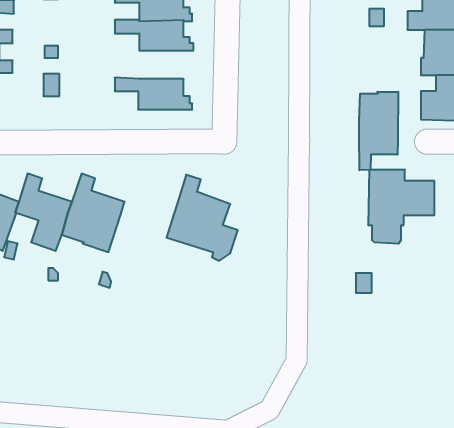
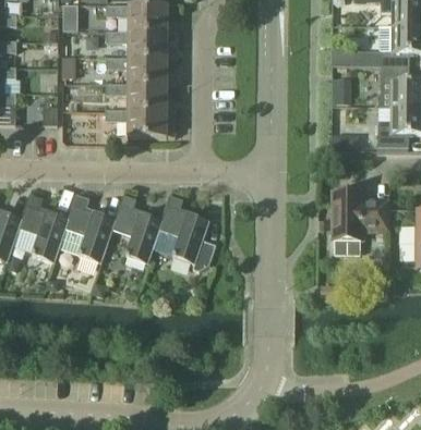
building: none -> [106,82,175,109]
building: [359,92,398,170] -> none
building: none -> [111,192,161,261]

